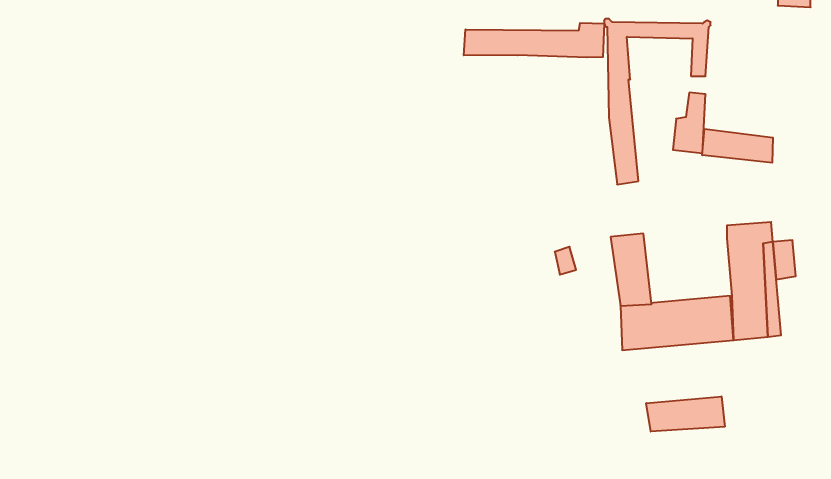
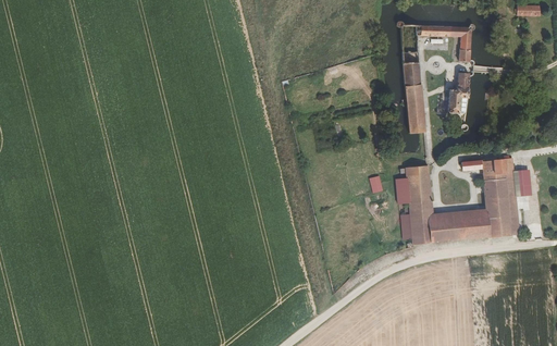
building: [464,23,604,57] -> none
building: [702,129,773,163] -> none
building: [646,396,725,432] -> none

